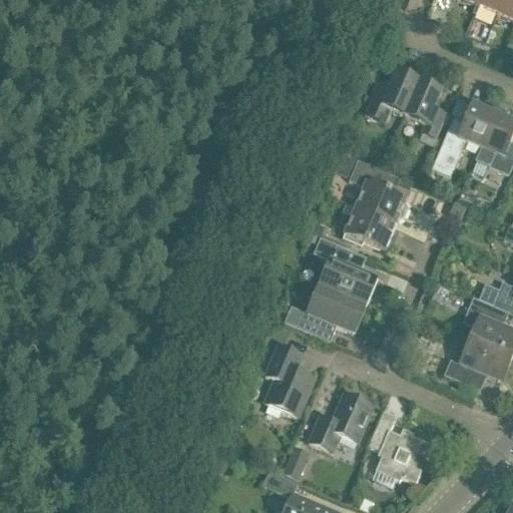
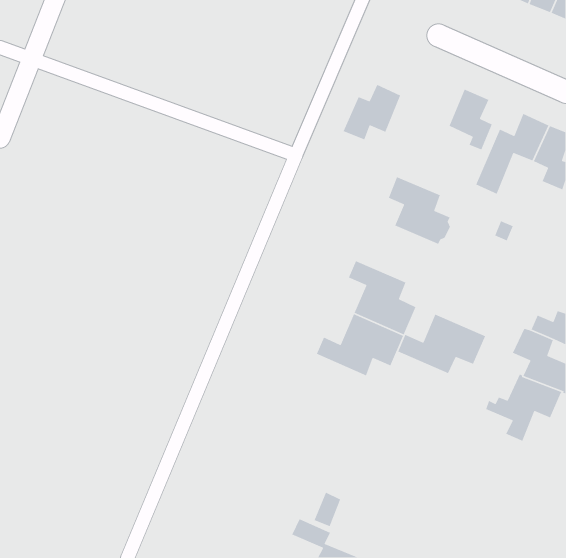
building: [367,70,420,121] -> [343,84,401,140]
building: [345,204,397,249] -> none
building: none -> [397,314,486,374]
building: [267,343,315,416] -> none
building: [310,392,373,452] -> none
building: [369,409,429,482] -> none

